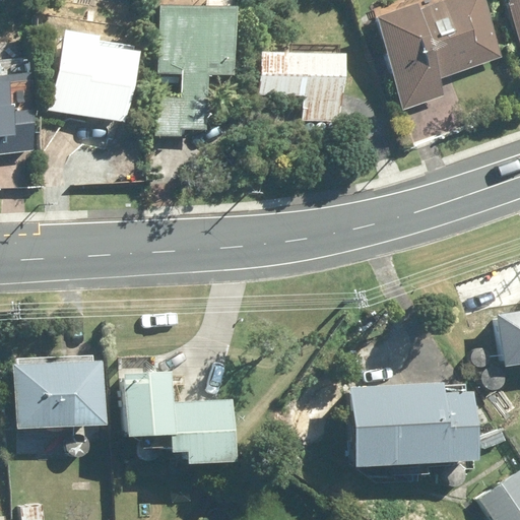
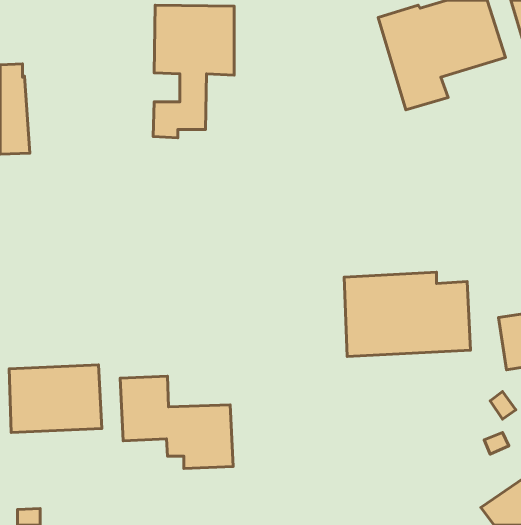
building: [51,29,137,150] -> none
building: [259,52,345,122] -> none
building: [352,383,477,466] -> [344,272,470,356]

